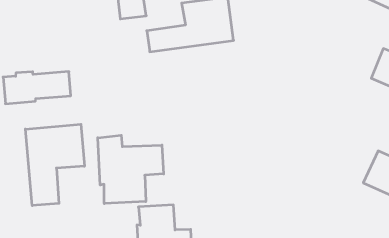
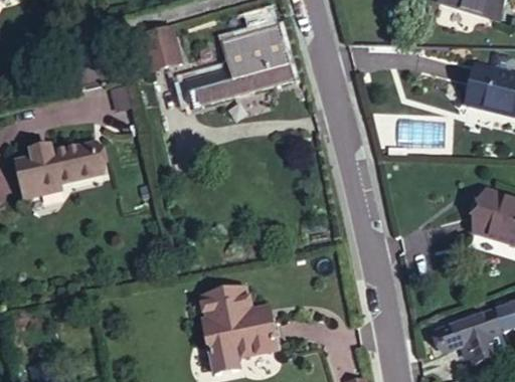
building: [25,124,84,206] -> none
building: [98,135,164,204] -> none

